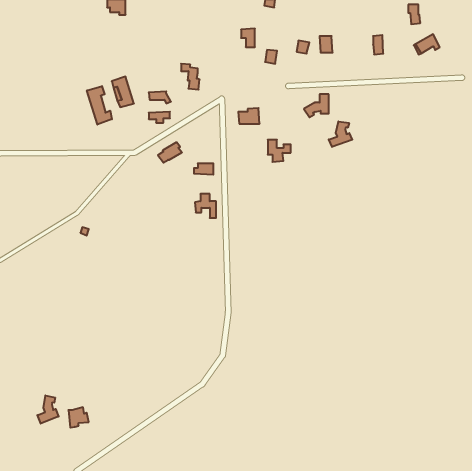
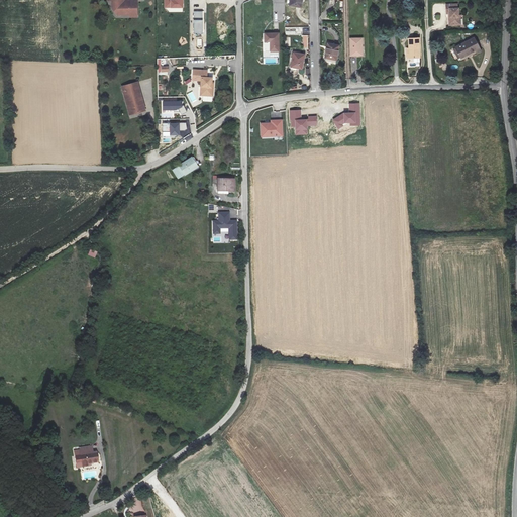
building: [87,86,112,125] -> none
building: [329,121,352,147] -> none
building: [268,140,291,162] -> [291,110,316,134]
building: [37,395,59,424] -> none

